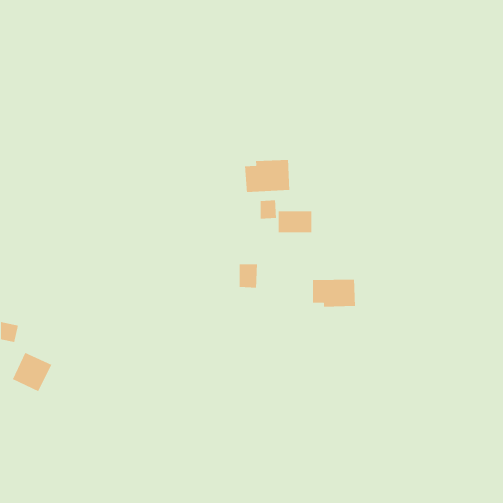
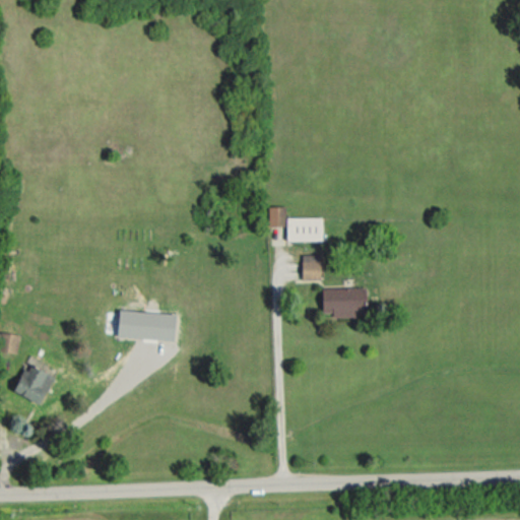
building: [244,159,290,193] -> none
building: [239,264,258,288] -> [303,256,322,281]
building: none -> [118,312,177,341]

